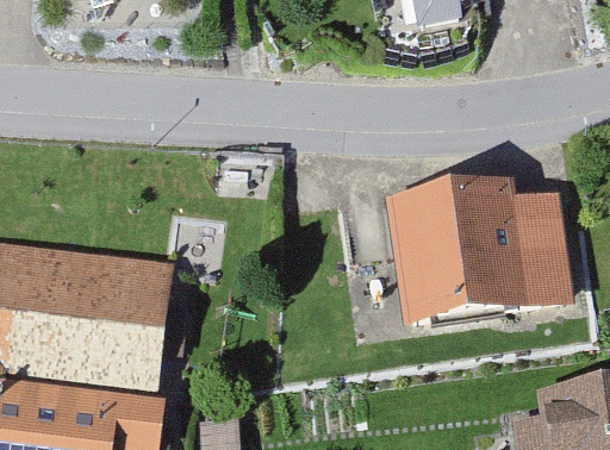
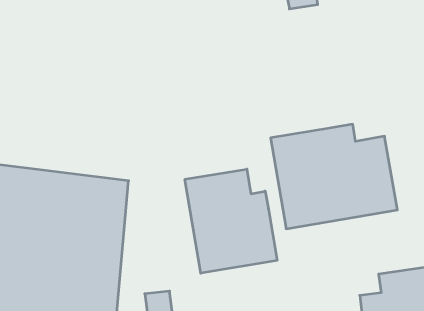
building: none -> [185,169,277,273]

